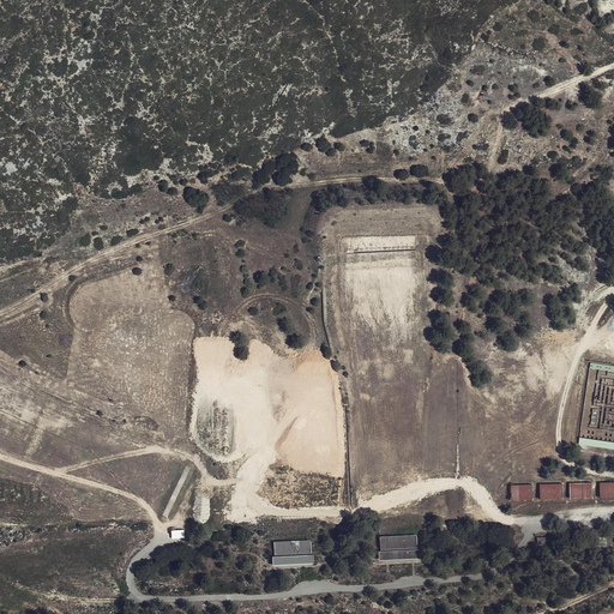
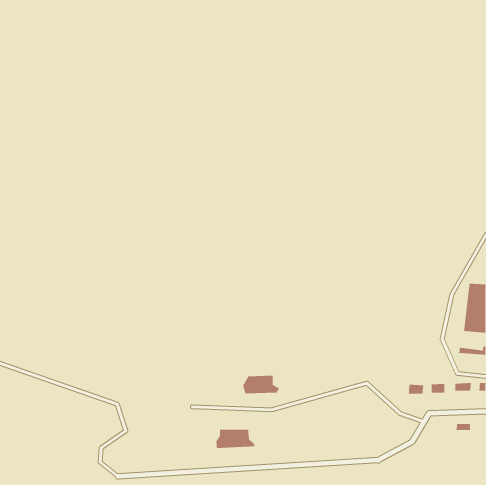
building: [377,535,425,559] -> [242,375,280,394]

